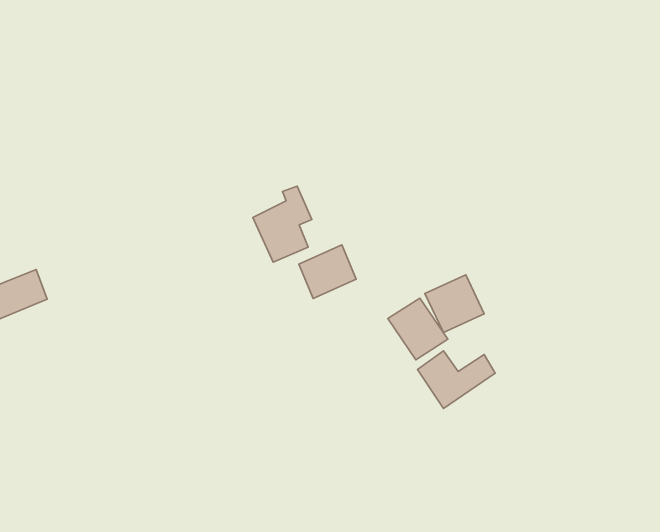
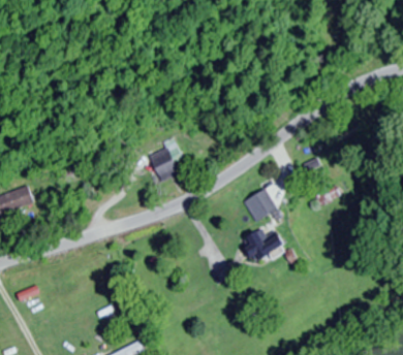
building: [299,245,356,298] -> none
building: [388,298,448,360] -> none

